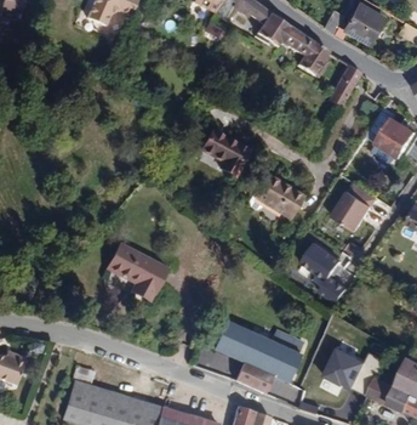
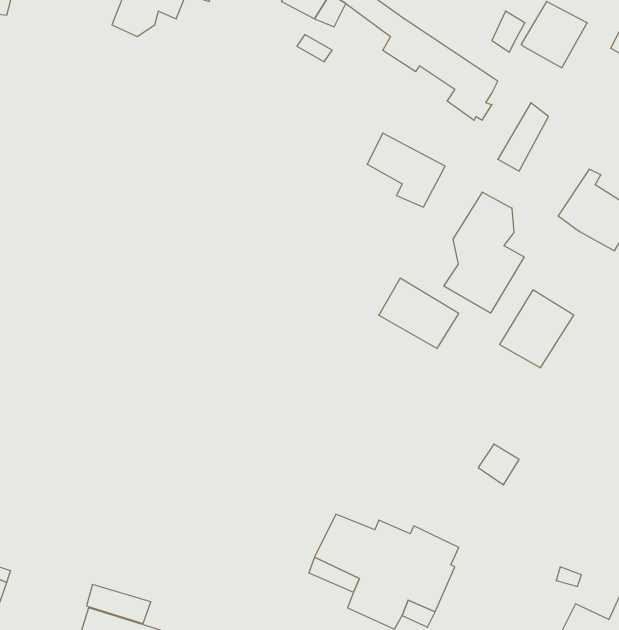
building: none -> [444,192,524,313]
building: [200,130,249,176] -> [367,133,445,207]
building: [299,242,338,278] -> none
building: [105,244,166,300] -> none
building: [320,346,362,387] -> none

